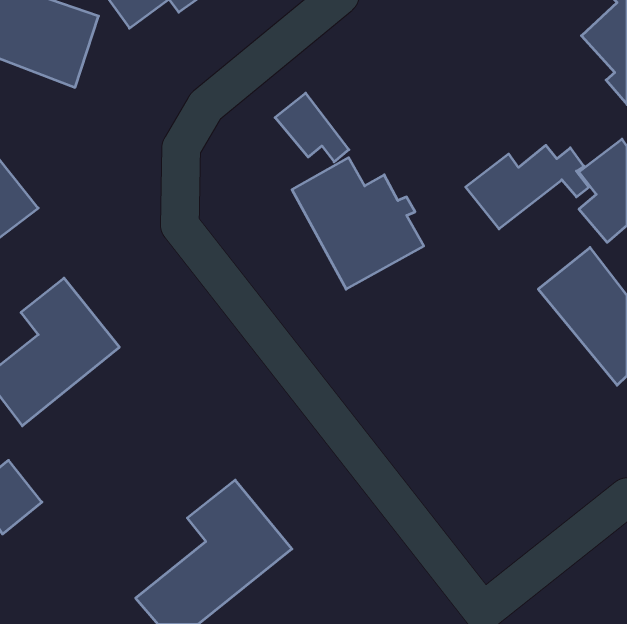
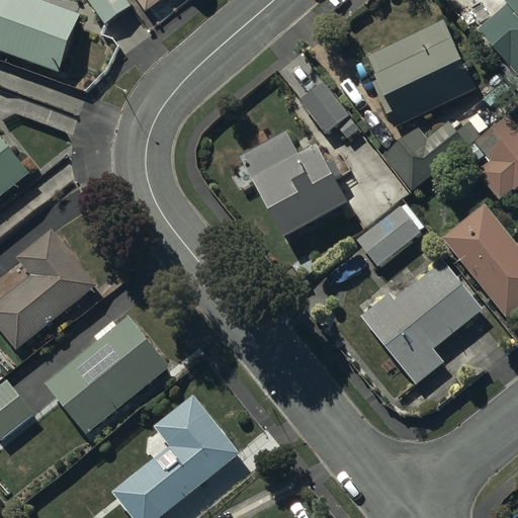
building: none -> [364,17,477,127]
building: [275,93,349,162] -> [298,80,359,137]
building: none -> [355,199,424,266]
building: none -> [361,260,482,383]
building: none -> [45,316,169,434]

